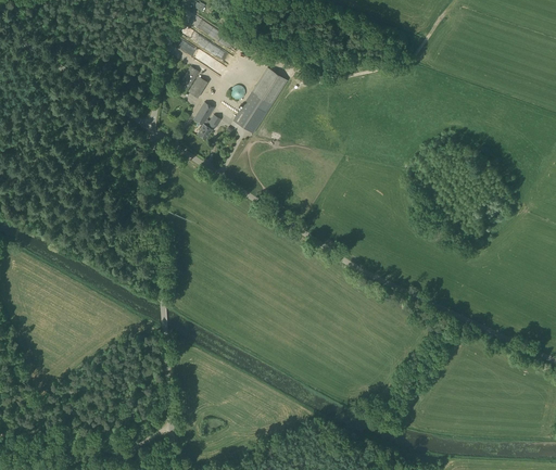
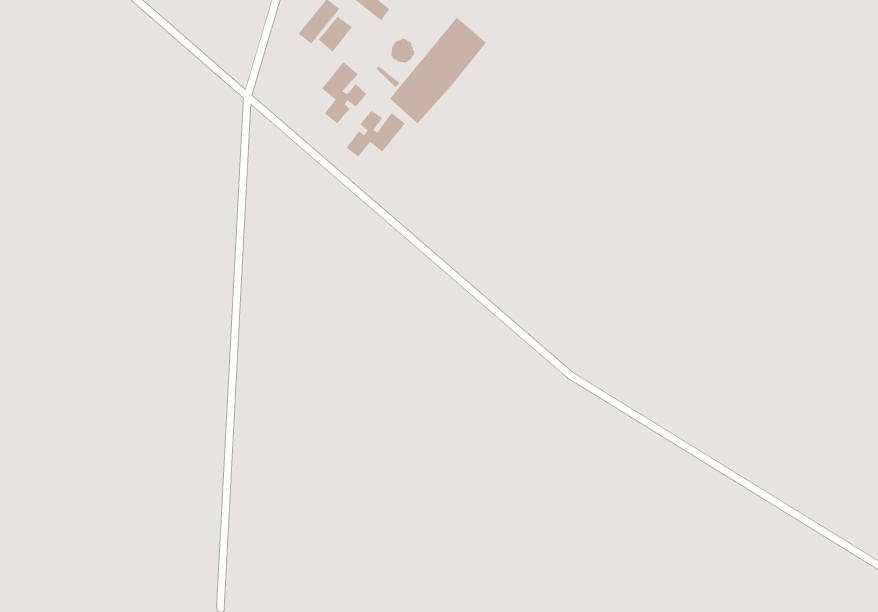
building: none -> [346,110,406,158]

